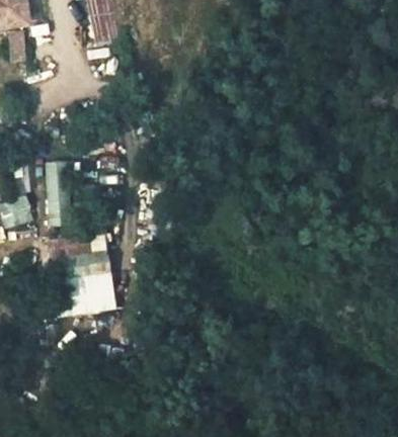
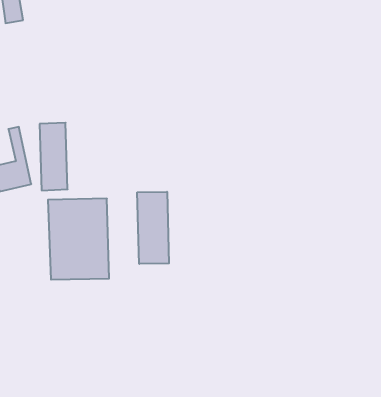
building: none -> [137,192,169,264]

